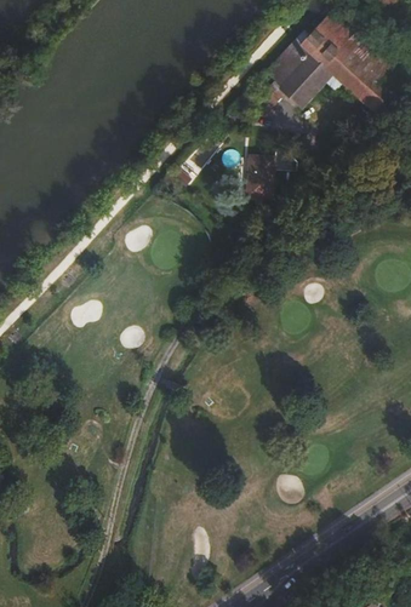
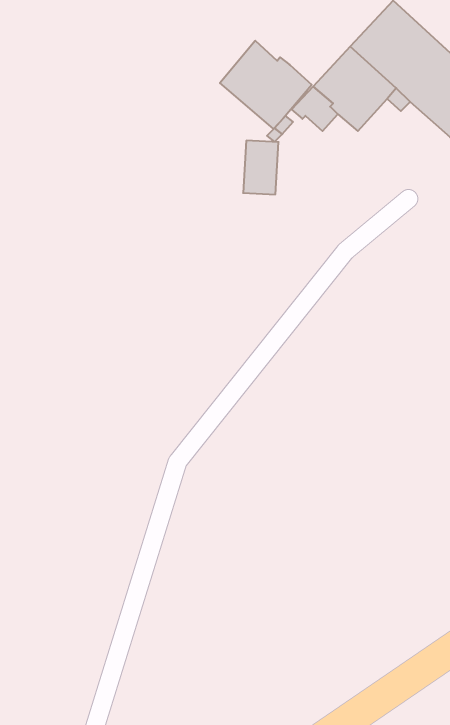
building: none -> [220,41,312,129]
building: [246,156,274,199] -> [243,141,279,194]

